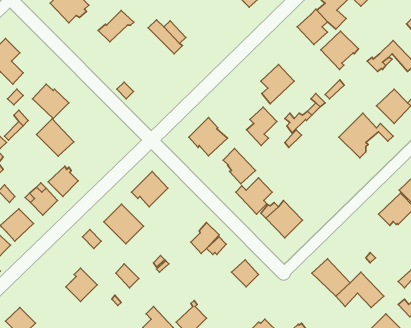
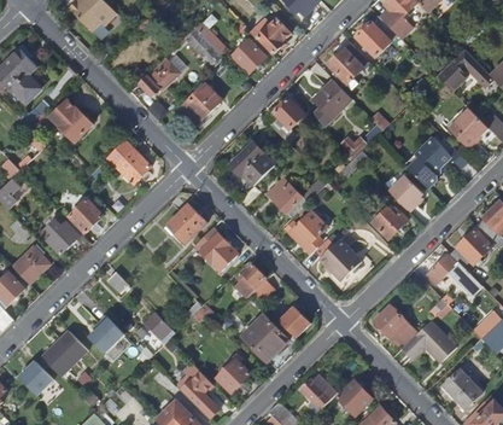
building: none -> [257,16,289,52]
building: [98,11,134,42] -> [138,58,179,94]
building: none -> [230,37,265,72]
building: [321,31,358,69] -> [327,41,370,86]
building: none -> [181,81,221,122]
building: [247,107,277,145] -> [270,97,305,141]
building: [36,119,74,156] -> [107,139,151,182]
building: none -> [388,174,422,210]
building: none -> [372,205,408,238]
building: [104,204,144,244] -> [194,225,240,270]
building: none -> [425,254,481,295]
building: none -> [244,314,289,360]
building: none -> [41,331,87,377]

